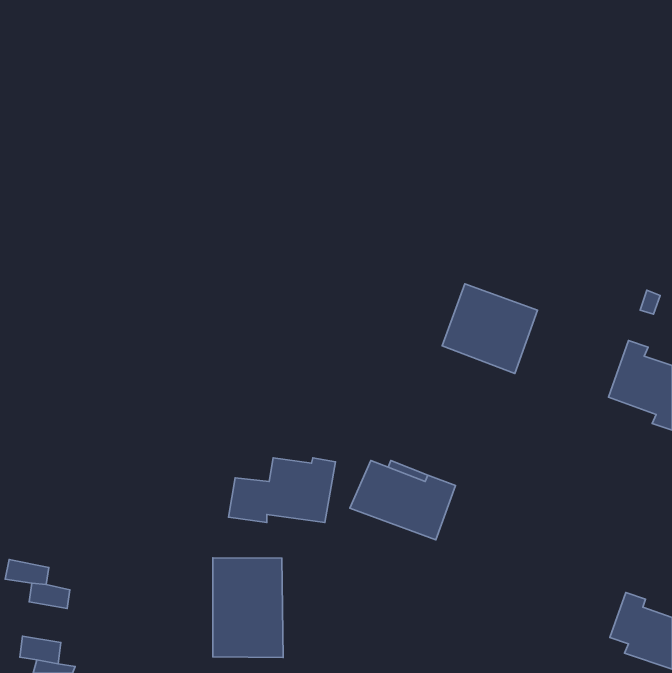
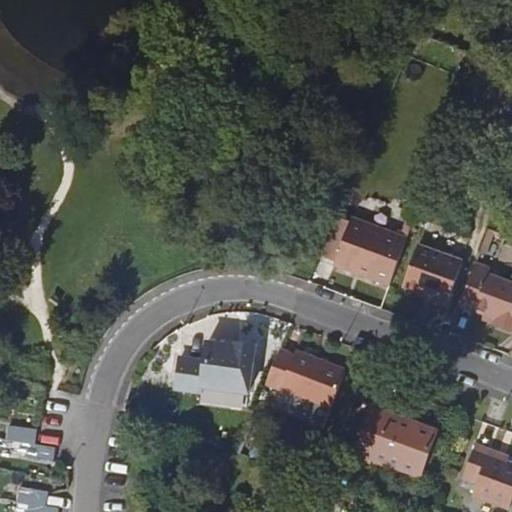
building: none -> [404,243,463,303]
building: none -> [357,407,437,478]
building: [213,558,283,657] -> none

